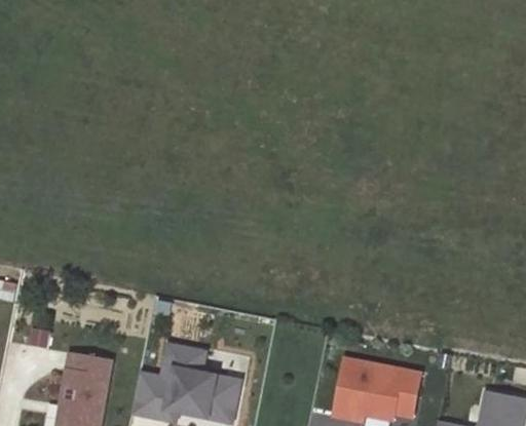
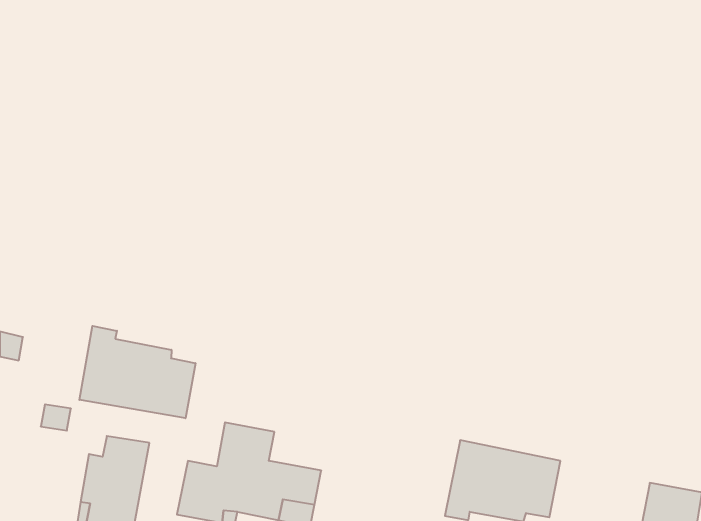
building: none -> [79,326,195,418]

